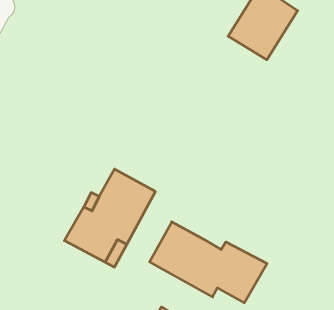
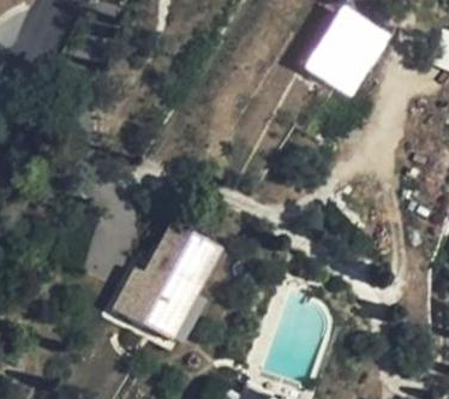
building: [150,222,267,303] -> none

